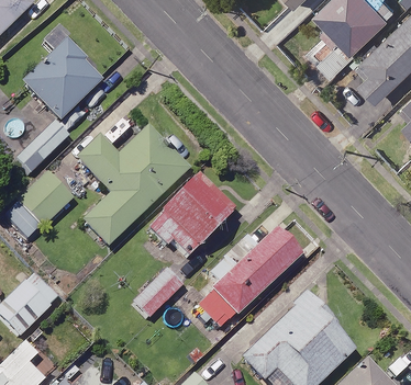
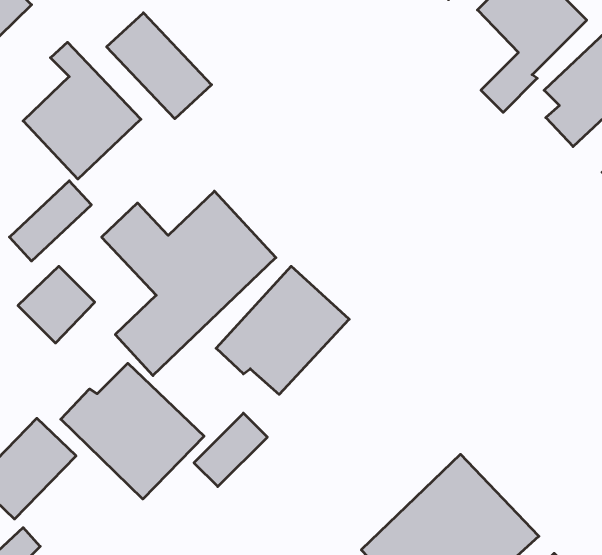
building: none -> [107,13,212,119]
building: [211,234,298,317] -> none
building: none -> [61,363,204,499]

